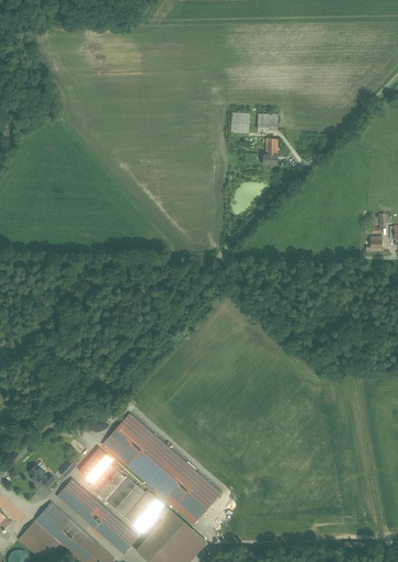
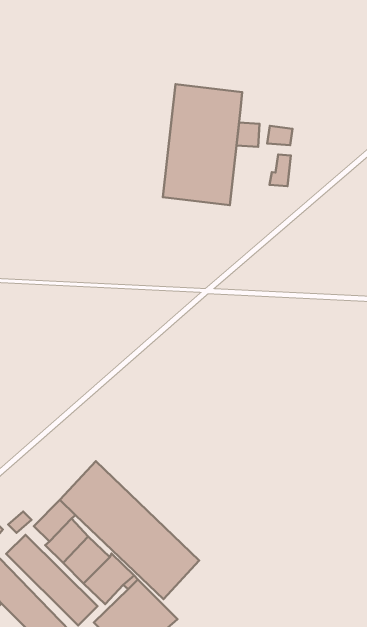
building: none -> [163,84,242,205]

